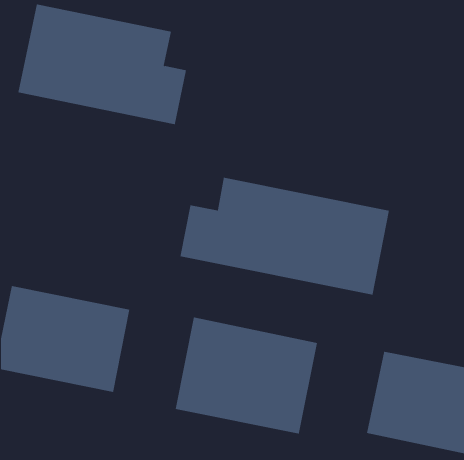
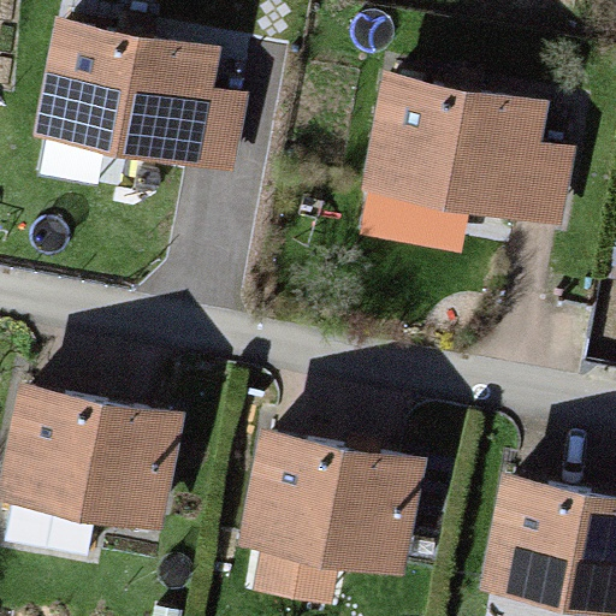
building: none -> [350,82,569,239]
building: [180,177,389,295] -> none

